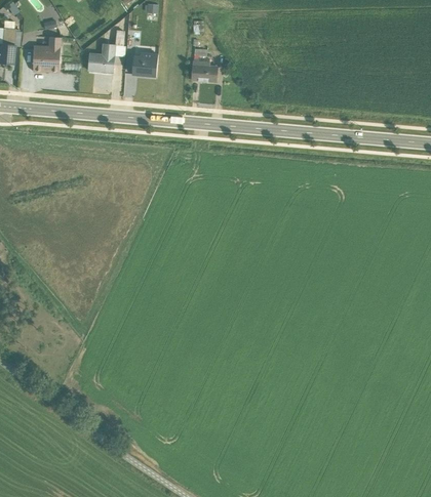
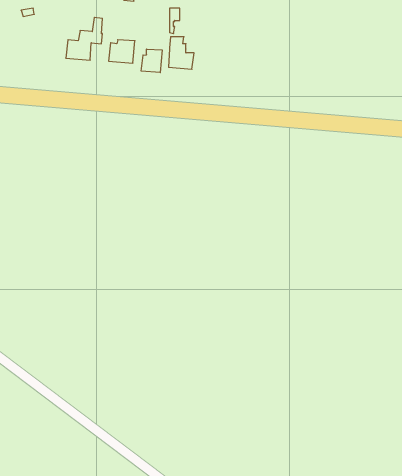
building: [32,37,60,72] -> none
building: none -> [141,49,162,73]

